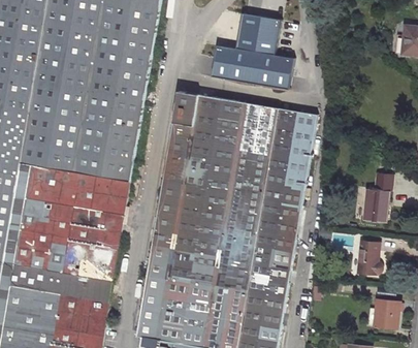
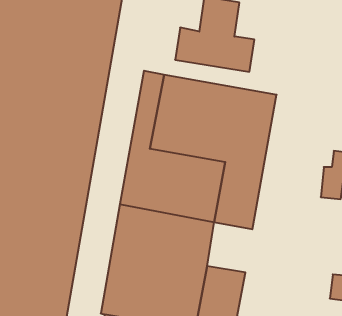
building: [354,242,379,273] -> none
building: [245,246,291,297] -> none

